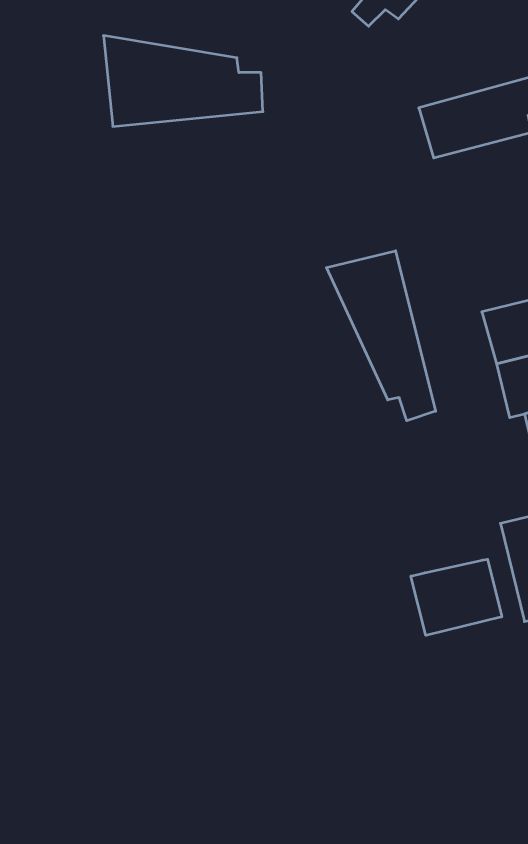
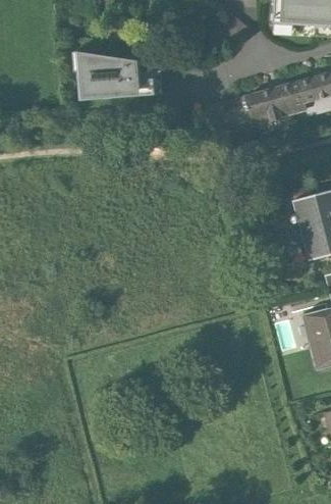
building: [326,251,436,421] -> none
building: [411,559,502,635] -> none

